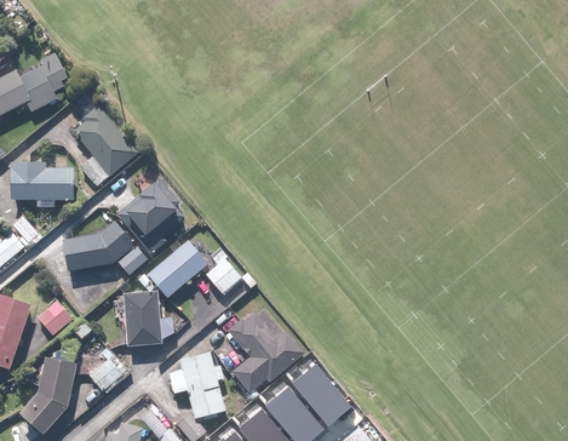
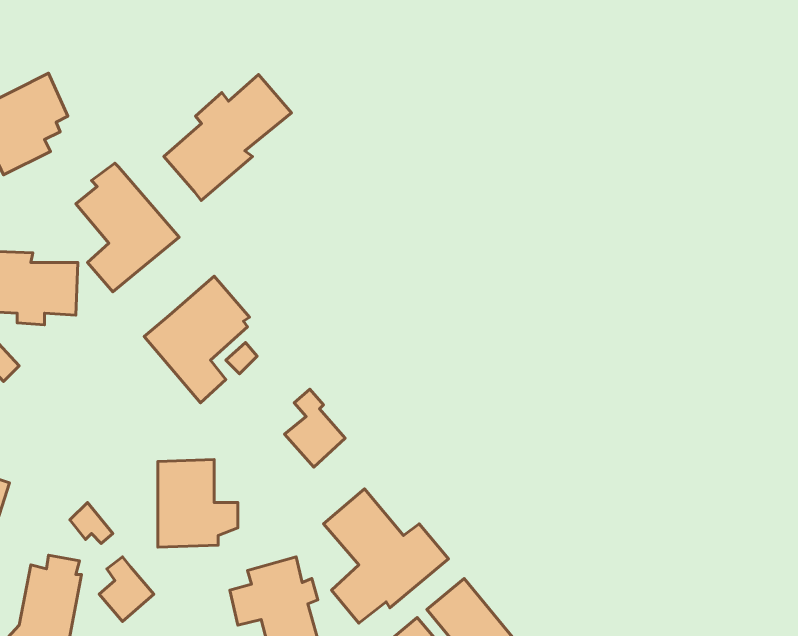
building: none -> [164,75,291,201]
building: [62,219,145,275] -> none
building: [147,239,207,298] -> none
building: [35,298,71,336] -> none

